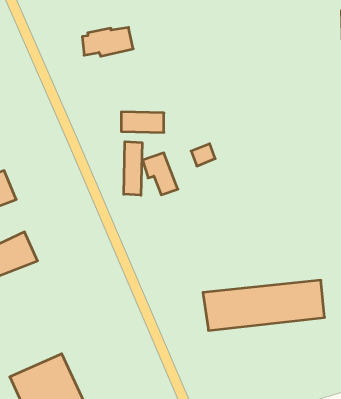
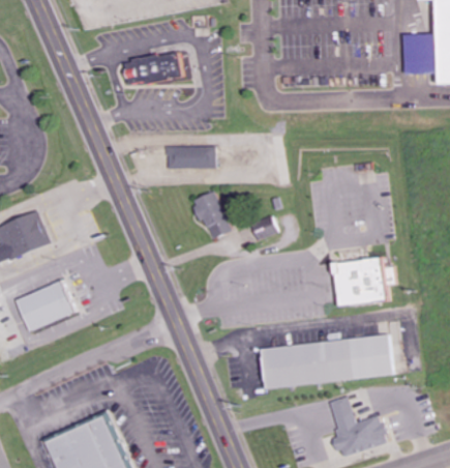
building: [124,142,142,195] -> none
building: [191,144,215,166] -> [251,216,278,241]
building: none -> [332,257,387,305]
building: none -> [330,397,390,457]

